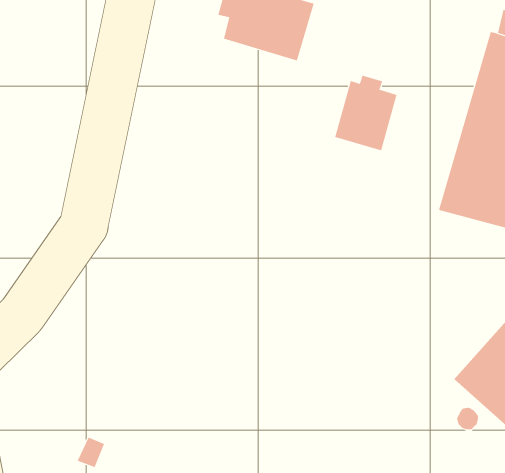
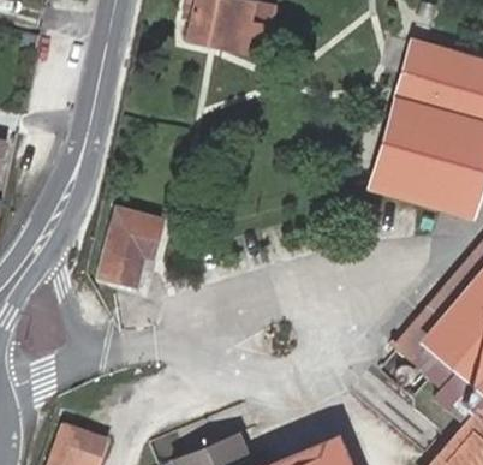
building: [334,75,397,151] -> none
building: none -> [99,211,167,287]

